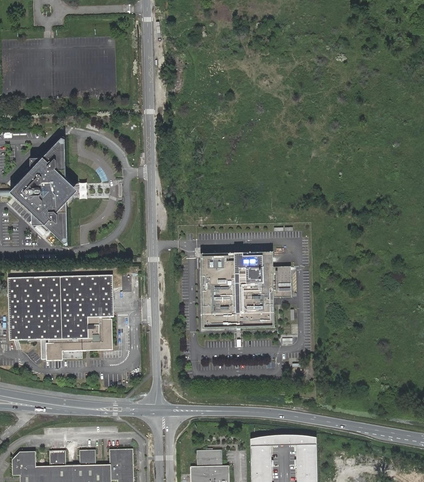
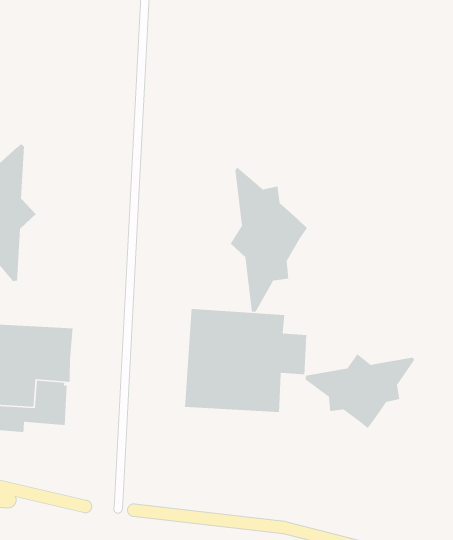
building: none -> [230,167,308,312]
building: none -> [305,353,415,429]

